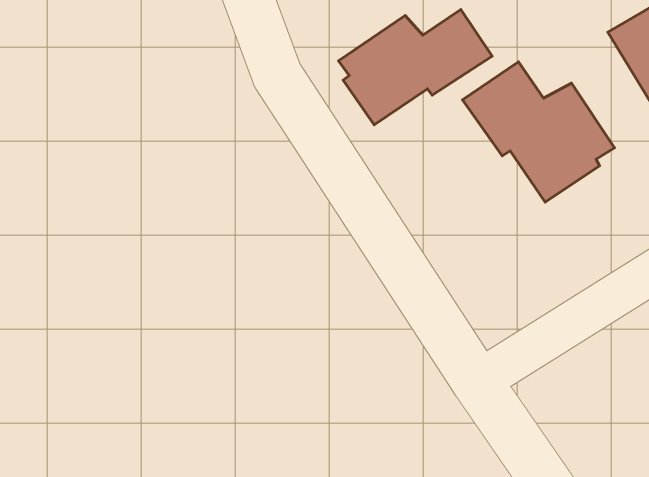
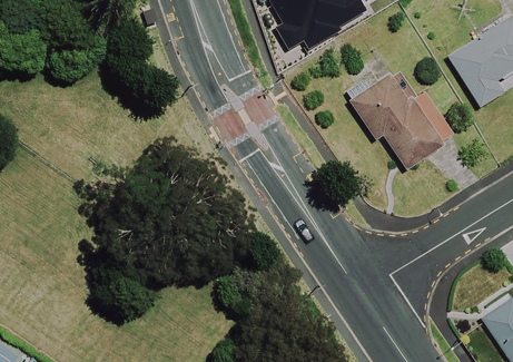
building: [339,10,492,125] -> none

